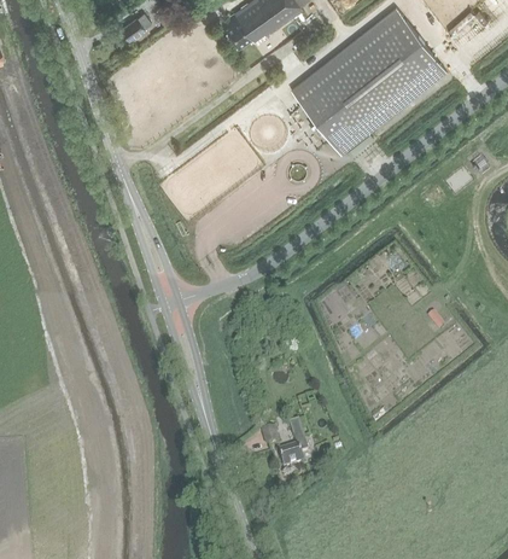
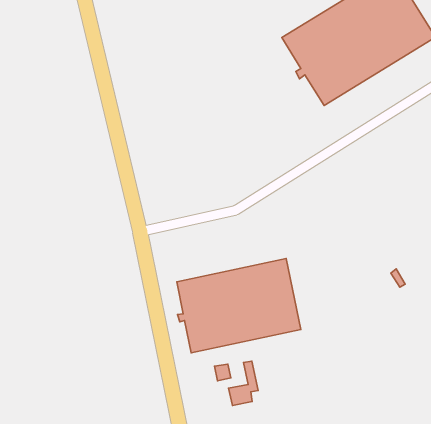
building: none -> [177,259,301,353]

